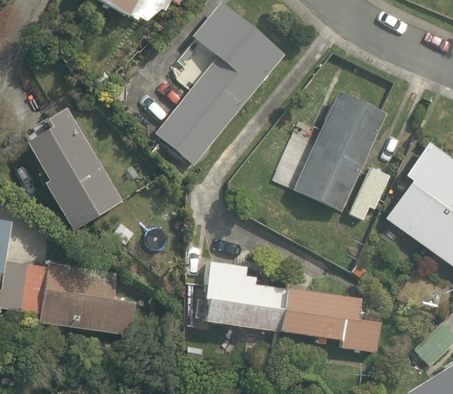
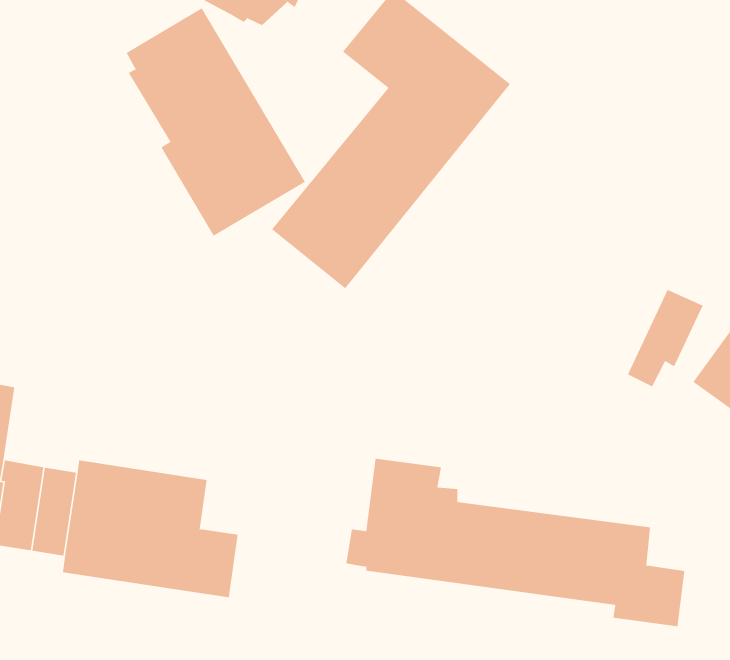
building: [293,90,387,211] -> none
building: [25,105,124,231] -> [126,8,306,236]

